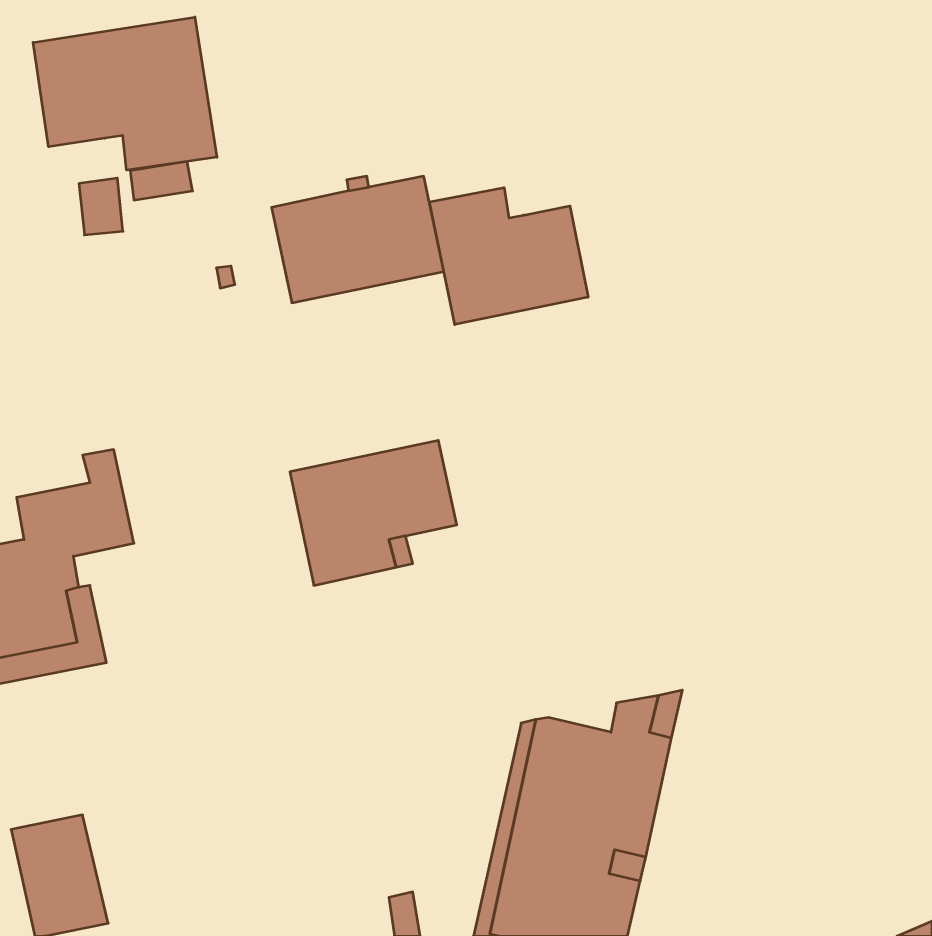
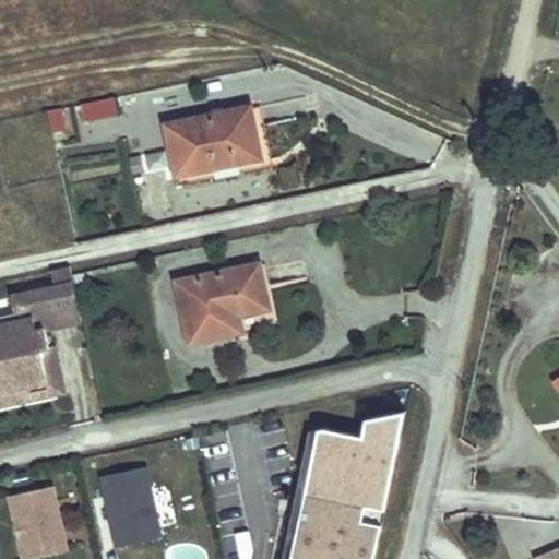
building: [33,17,217,170] -> none
building: [430,188,588,325] -> none
building: none -> [95,466,159,550]

